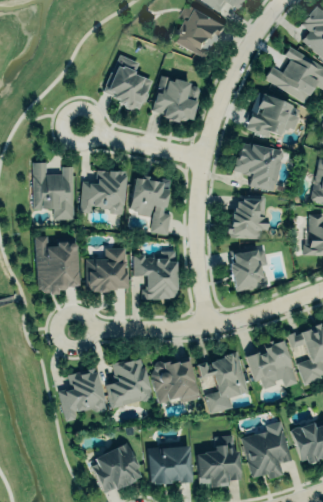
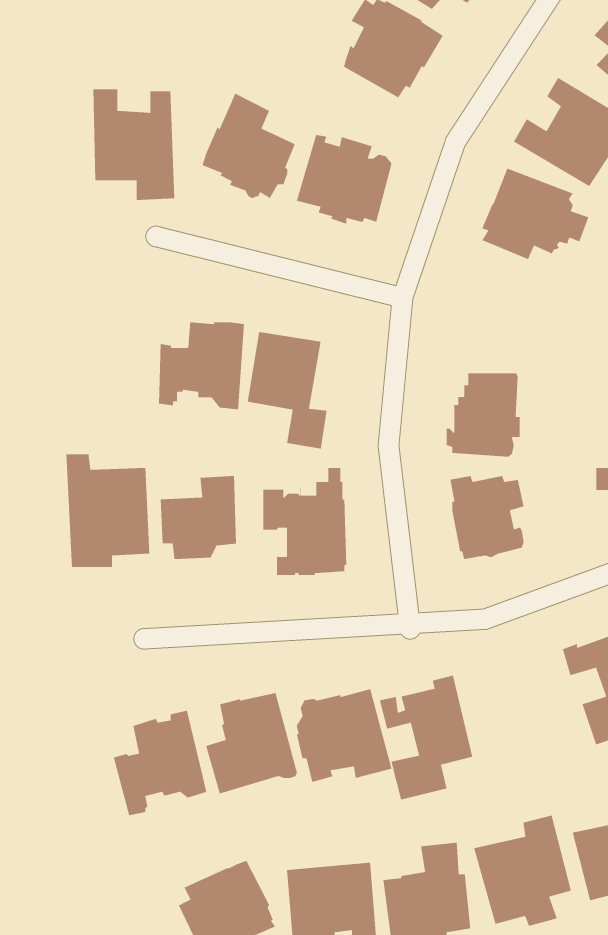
building: [234,143,284,192] -> none
building: [29,162,71,219] -> [92,89,175,201]
building: [247,339,298,388] -> none

